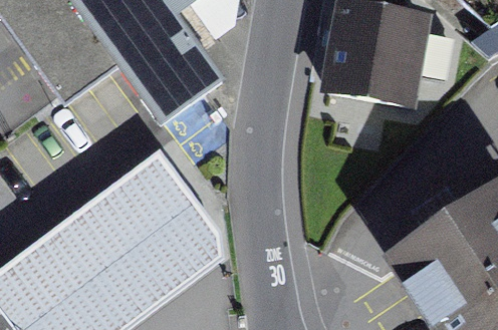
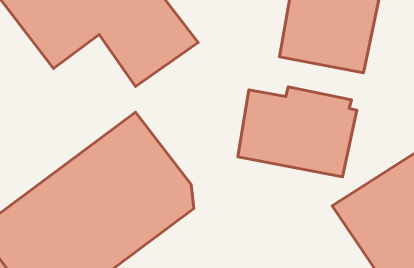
building: none -> [238,87,357,177]

